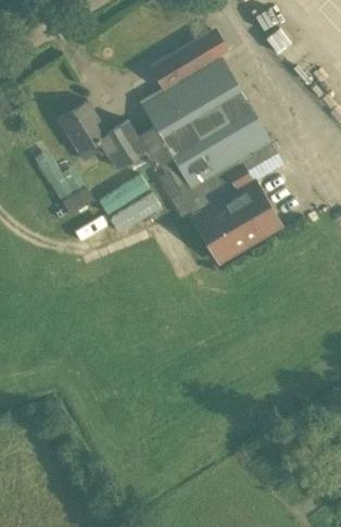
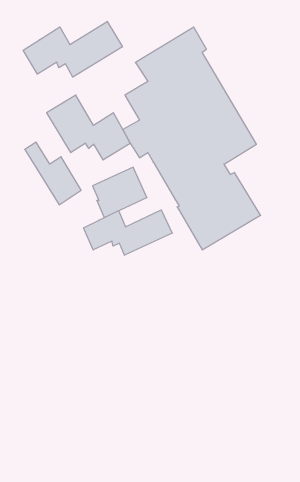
building: none -> [23,21,122,77]
building: none -> [83,210,172,255]

